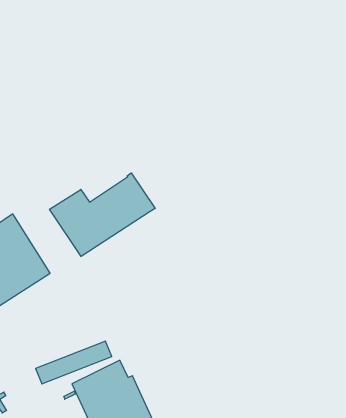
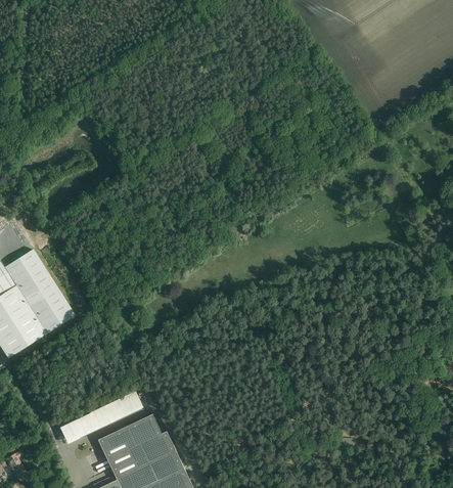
building: [49,173,155,256] -> none

